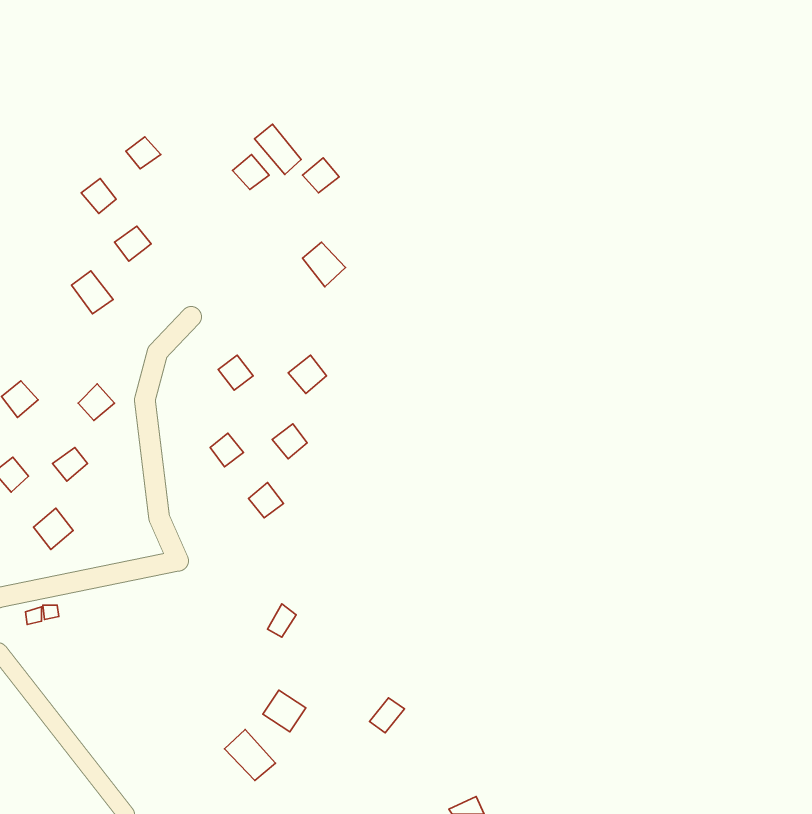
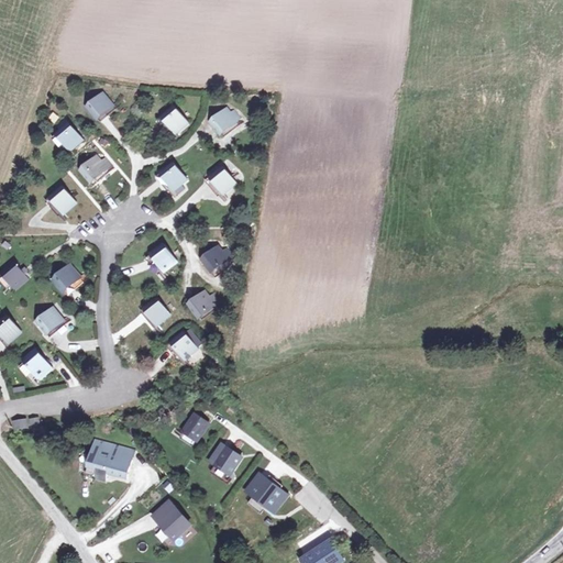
building: [255,124,301,175] -> none
building: none -> [159,163,189,192]
building: none -> [89,442,133,483]
building: [263,690,306,732] -> [208,444,238,473]

